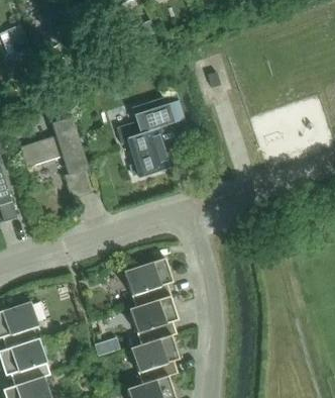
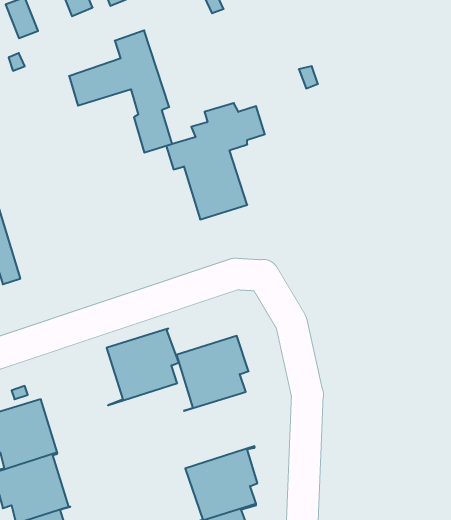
building: [19,116,90,200] -> [69,30,172,153]
building: [128,296,178,349] -> [107,329,179,405]

